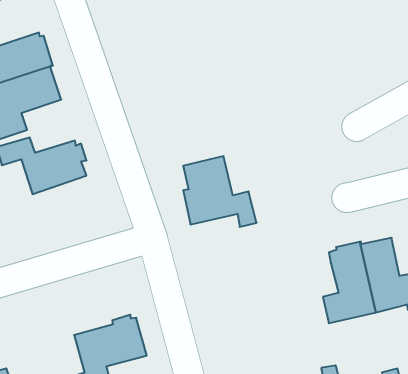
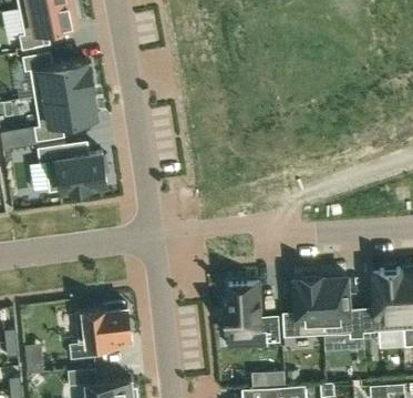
building: [183,156,257,227] -> [225,284,280,344]

